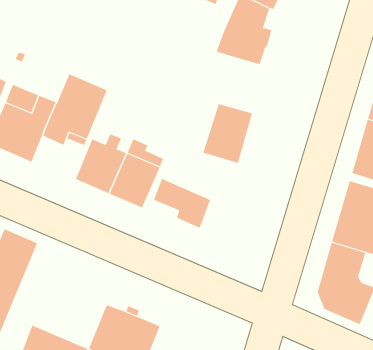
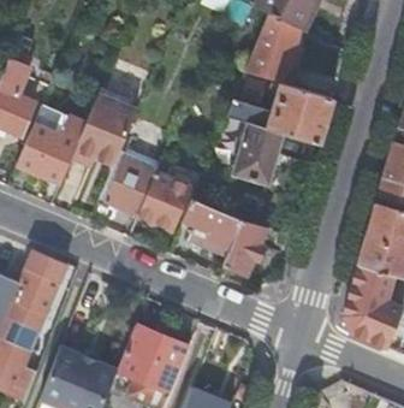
building: none -> [225,84,332,146]
building: none -> [221,221,271,277]

